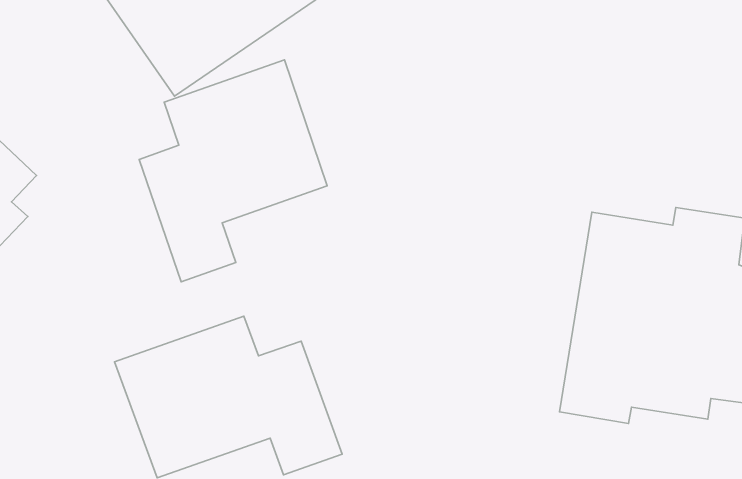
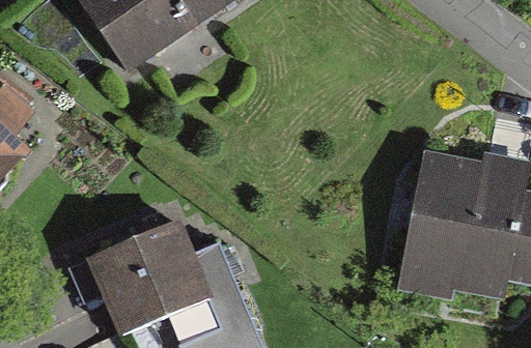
building: [139,60,327,282] -> none

